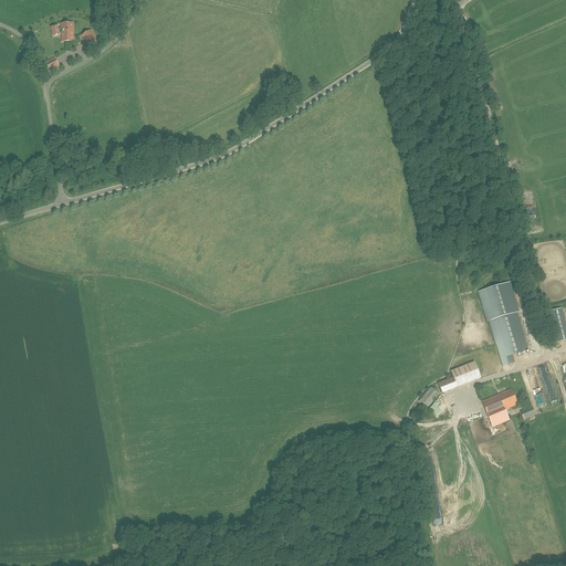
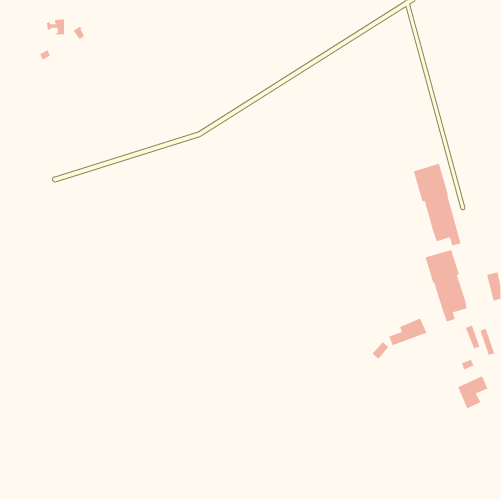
building: none -> [413,163,461,246]
building: [482,387,517,426] -> [457,375,488,409]

